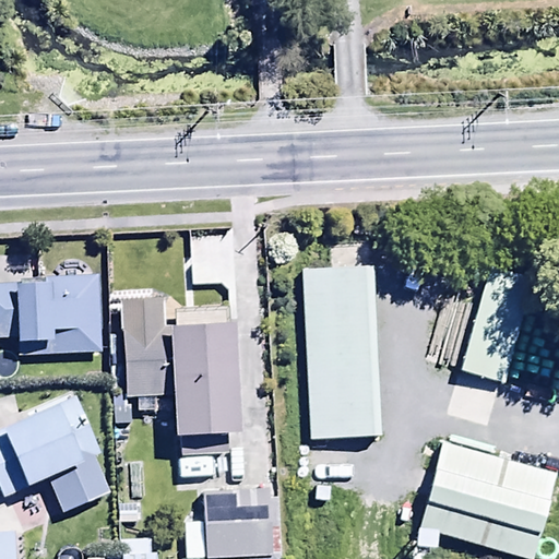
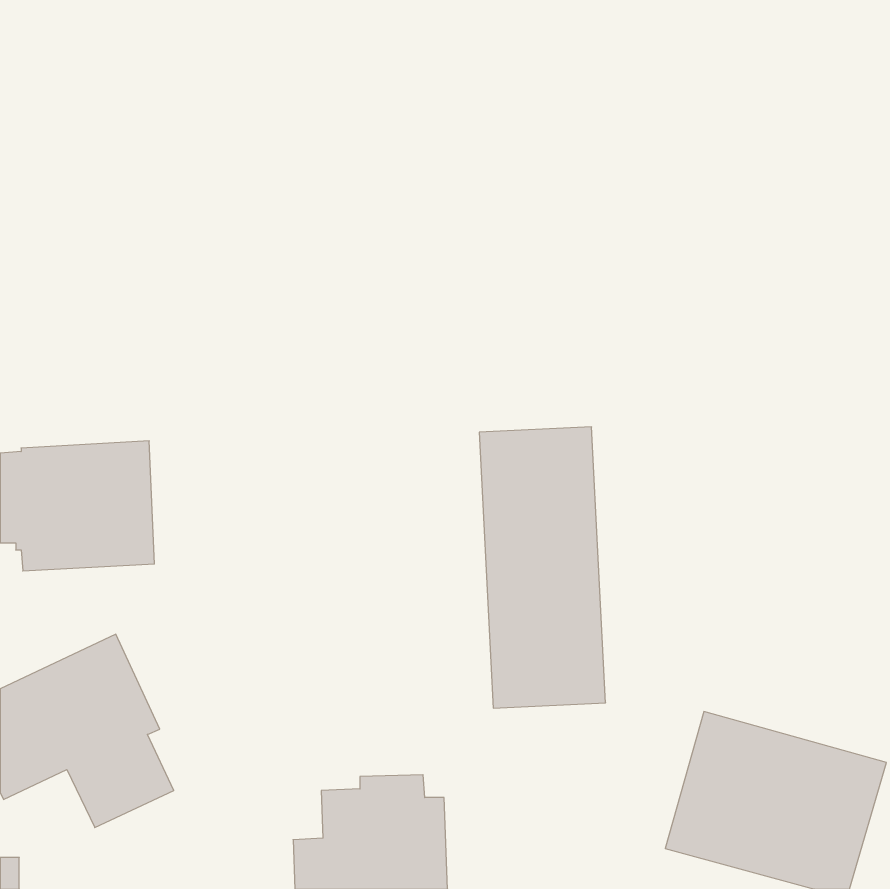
building: [461,269,533,383] -> none
building: [122,298,238,452] -> none

